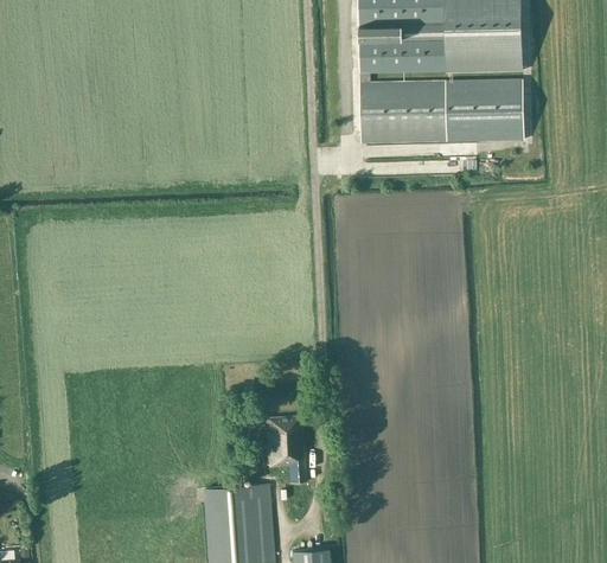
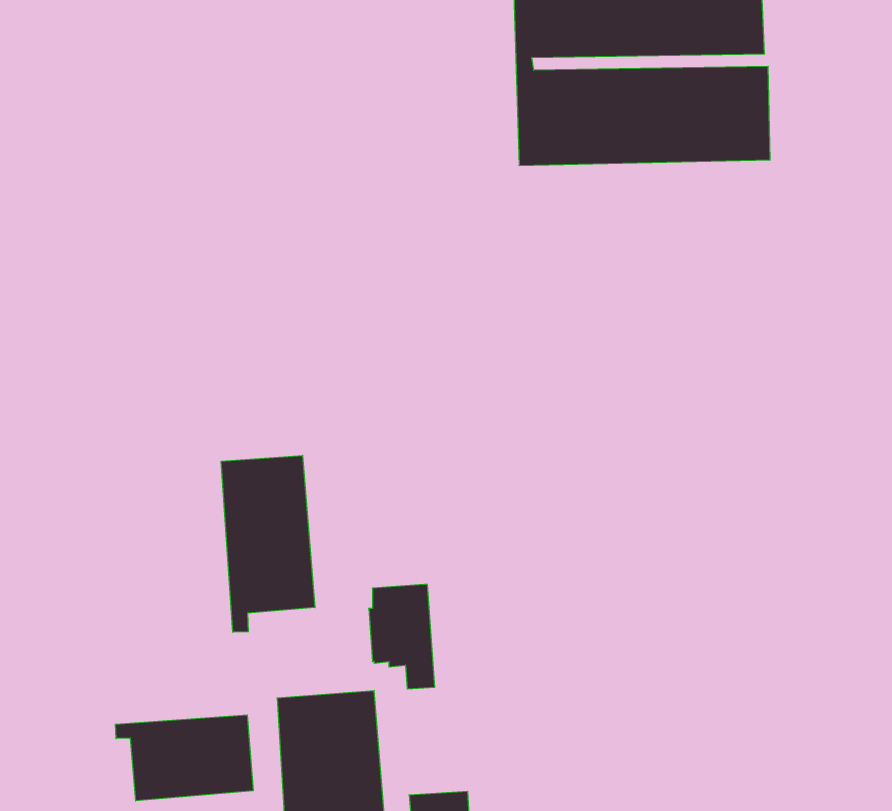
building: none -> [221,455,315,632]
building: none -> [115,715,253,801]

